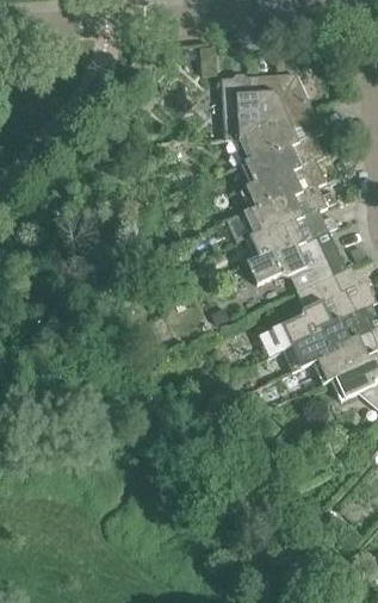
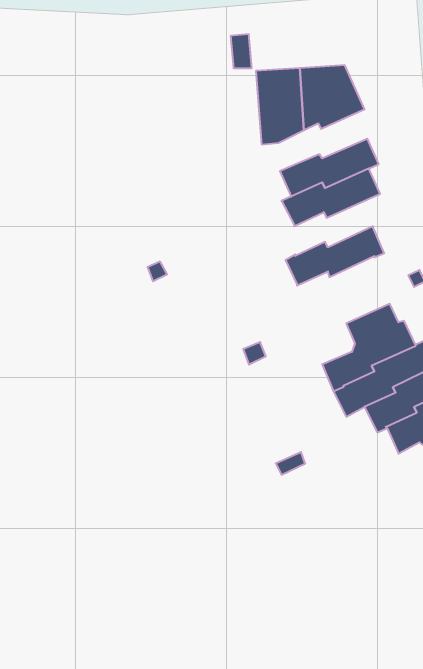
building: [240,111,323,160] -> none
building: [244,186,328,235] -> none
building: [247,235,334,292] -> none

